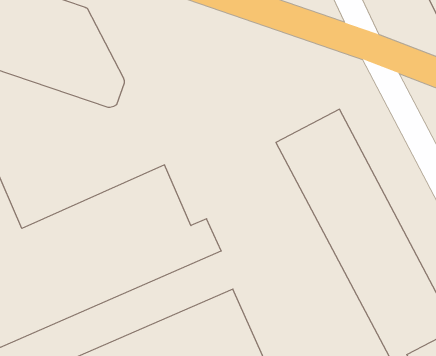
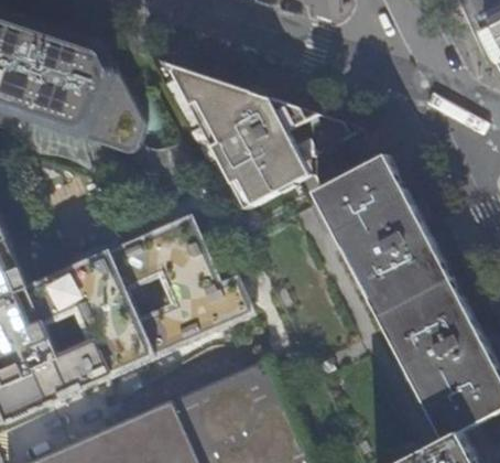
building: none -> [169,65,361,211]

